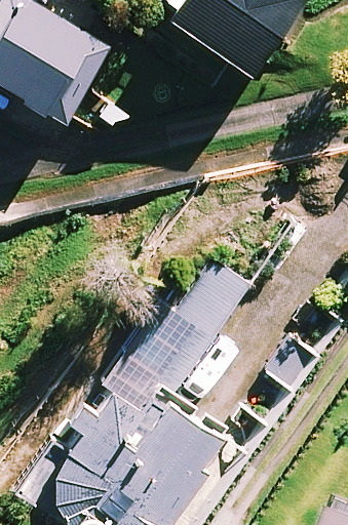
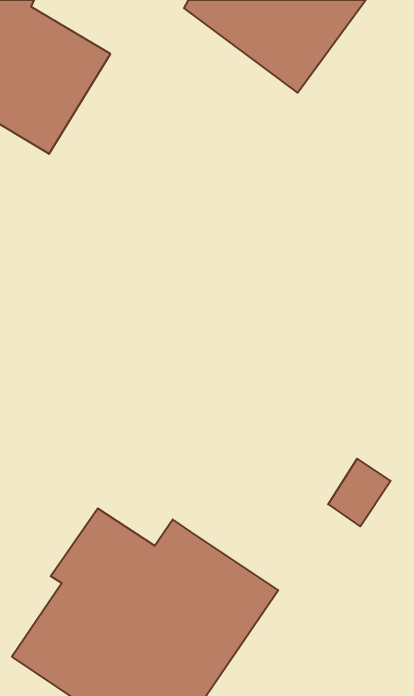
building: [102,259,249,412] -> none

